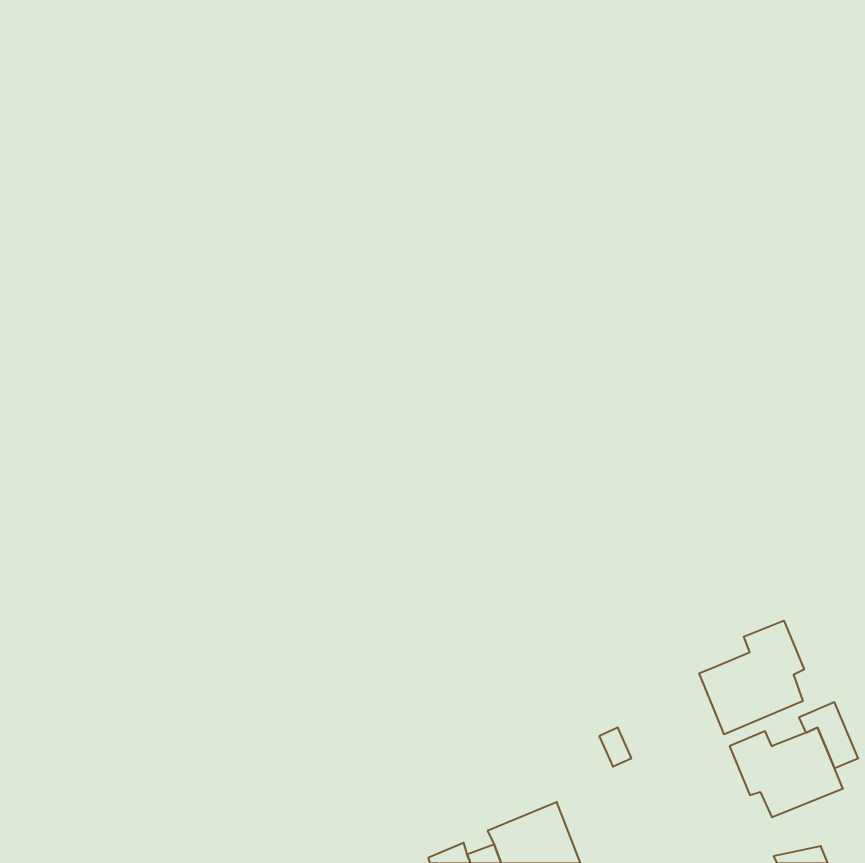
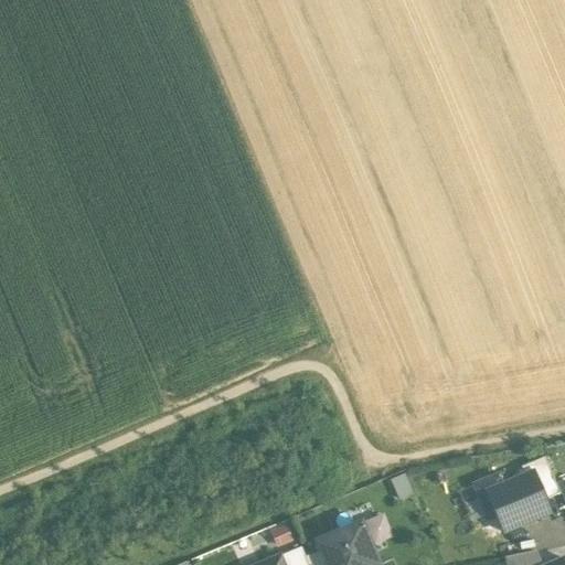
building: [699,621,804,734] -> none

